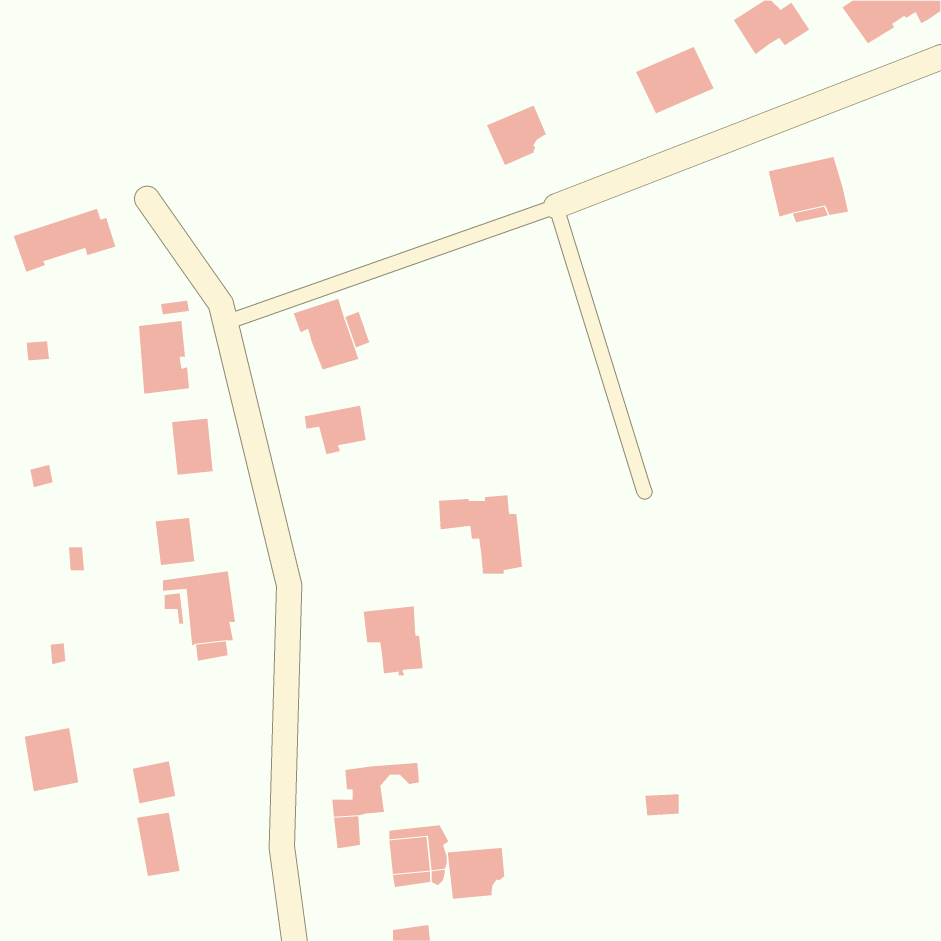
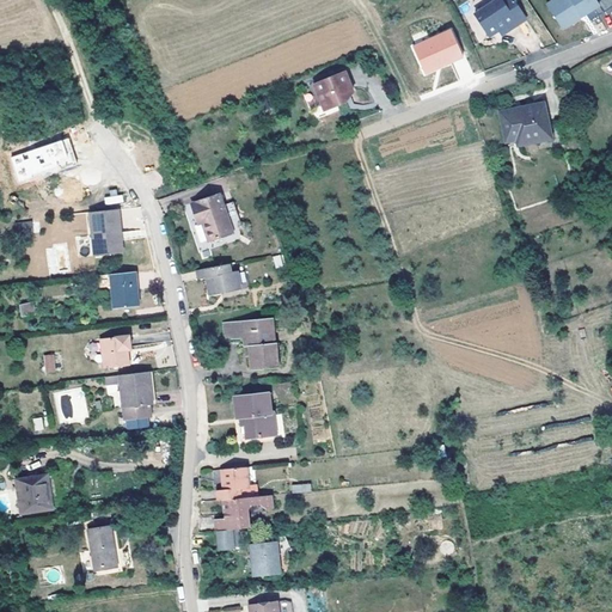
building: [438,495,523,574] -> [224,318,279,369]
building: none -> [218,466,249,500]
building: [132,761,176,804] -> none
building: [447,847,505,900] -> none

